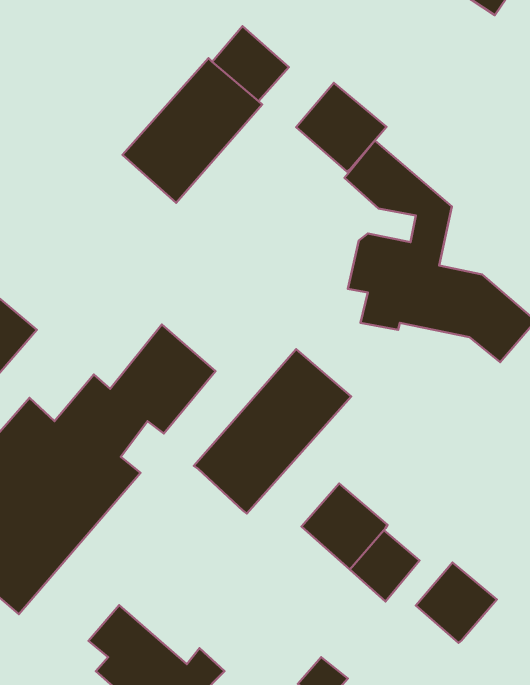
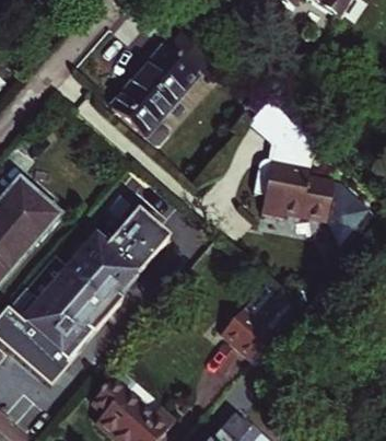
building: [296,83,387,172] -> none
building: [194,349,351,514] -> none
building: [416,563,497,643] -> none

